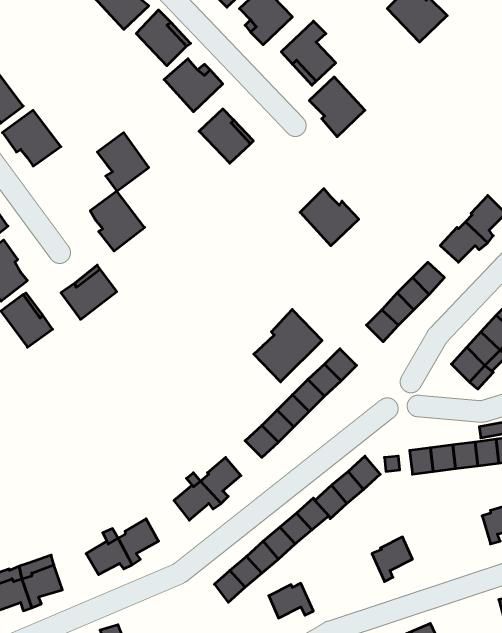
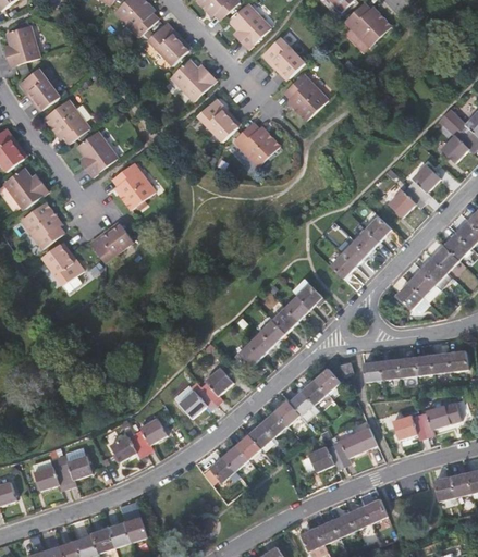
building: [97,133,149,191] -> [77,129,118,175]
building: [300,189,359,246] -> [234,121,280,165]
building: [254,309,322,382] -> none
building: none -> [392,416,426,440]
building: [269,583,313,618] -> [308,445,343,472]

